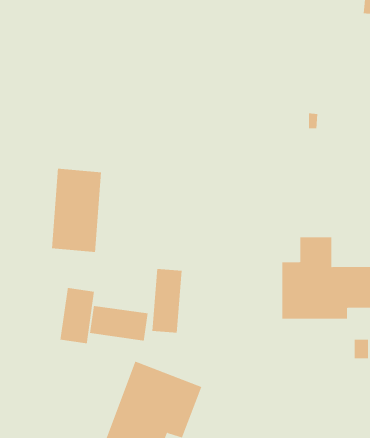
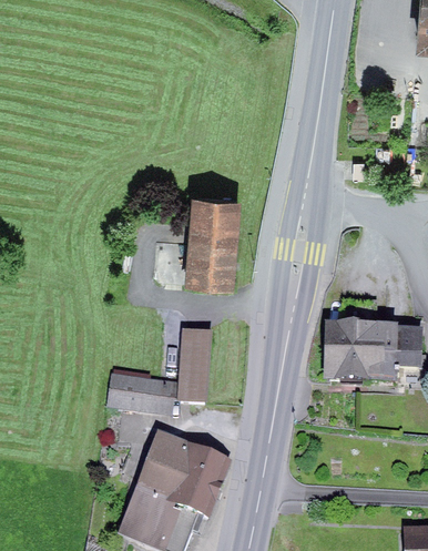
building: [51,168,102,253] -> [184,192,241,286]
building: [60,287,95,344] -> none

